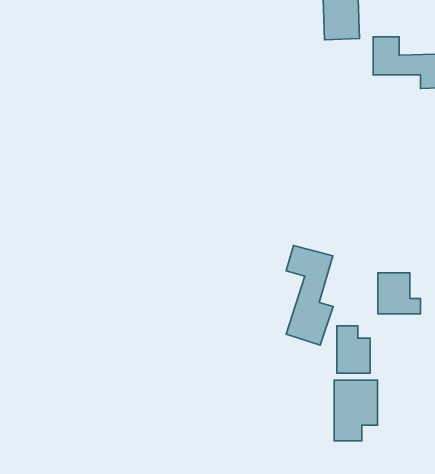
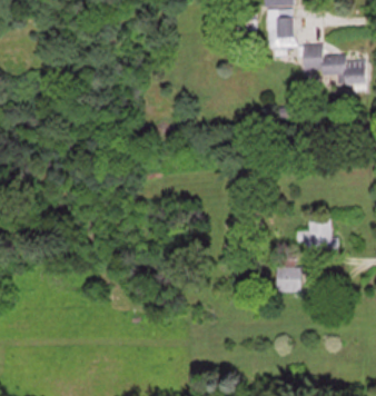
building: [286,245,333,345] -> none
building: [334,380,378,441] -> none

